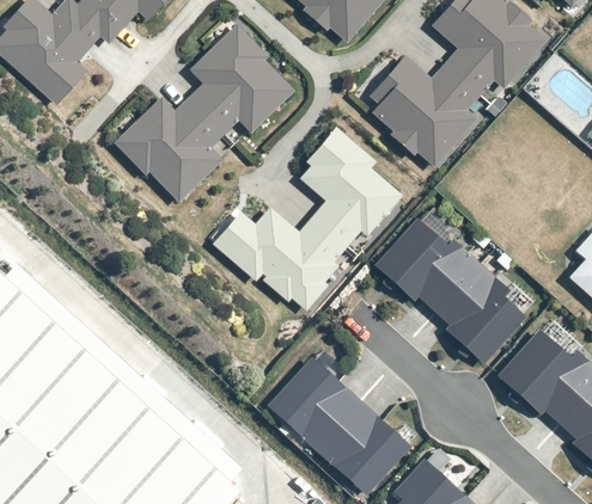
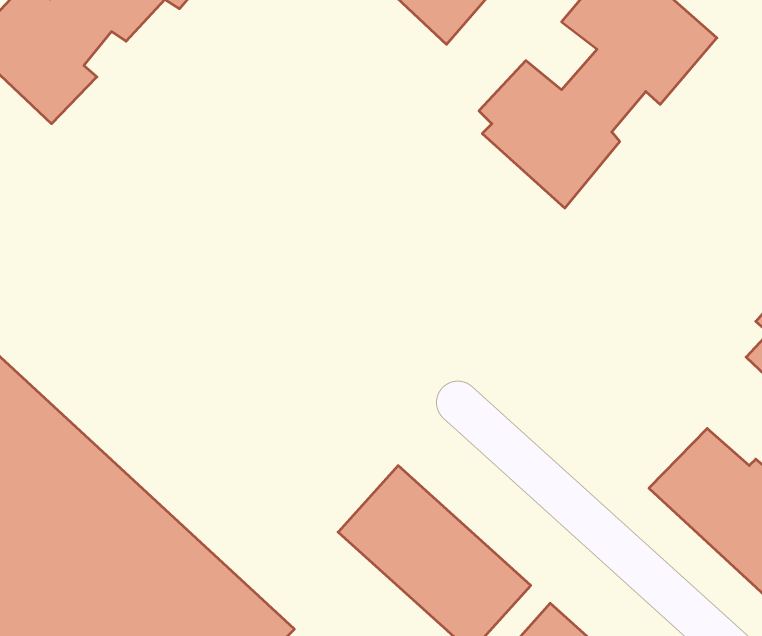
building: [116,27,294,202] -> none
building: [210,124,401,311] -> none
building: [374,219,527,363] -> none

